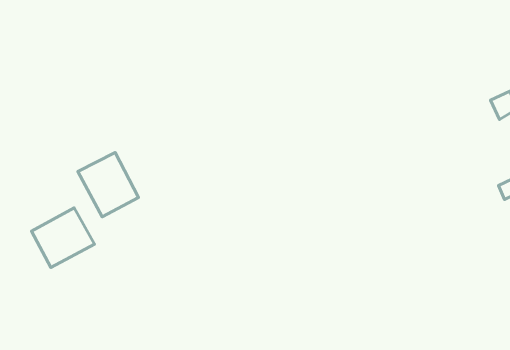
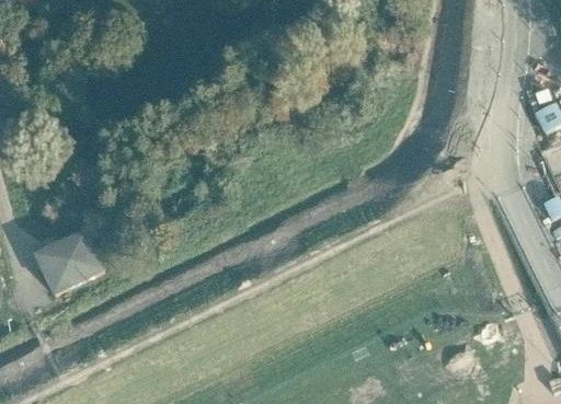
building: [78,152,139,217] -> none

